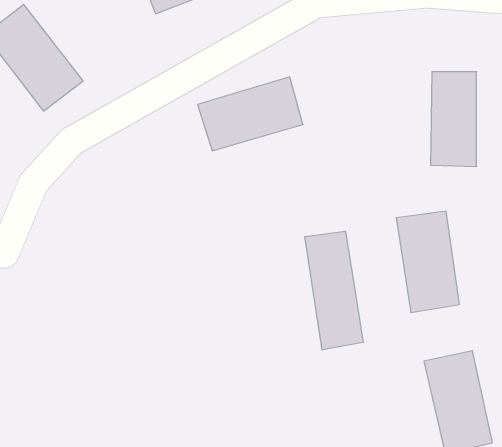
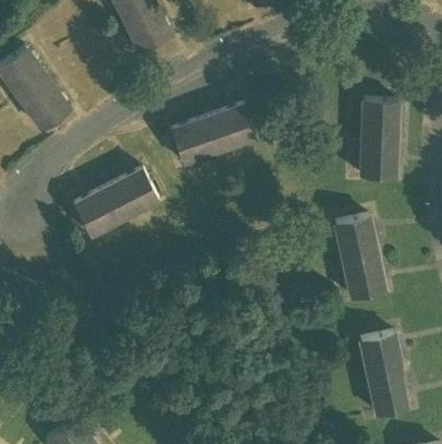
building: none -> [71,166,161,239]
building: [305,231,363,350] -> none

